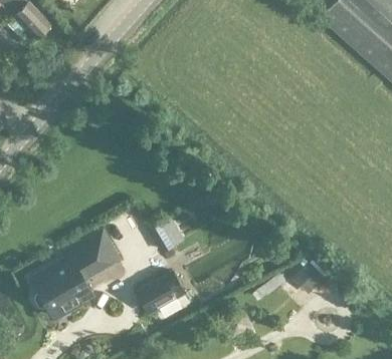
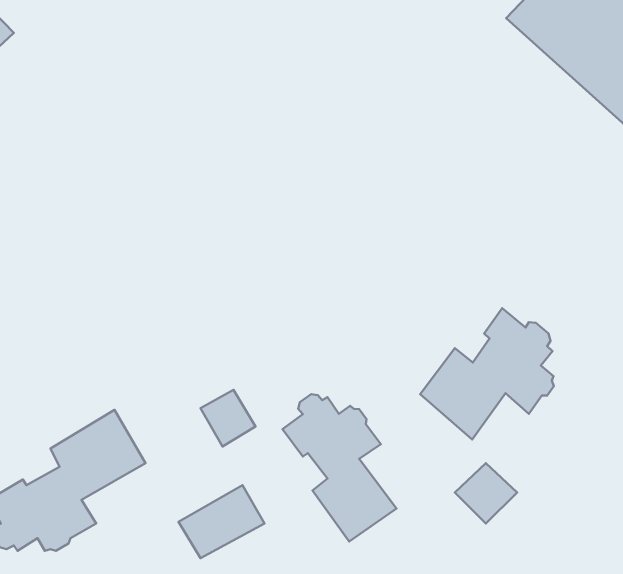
building: none -> [420,308,554,440]
building: none -> [282,394,397,542]

